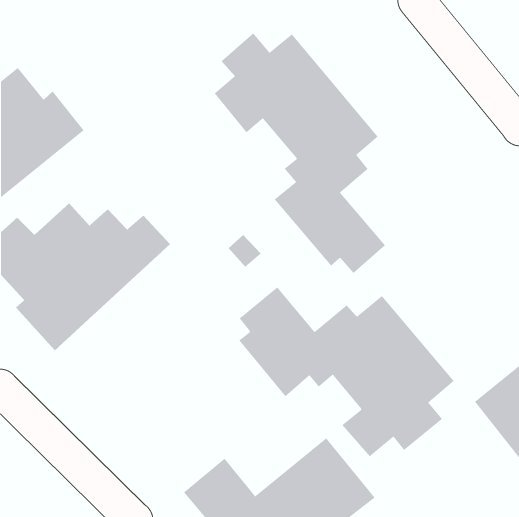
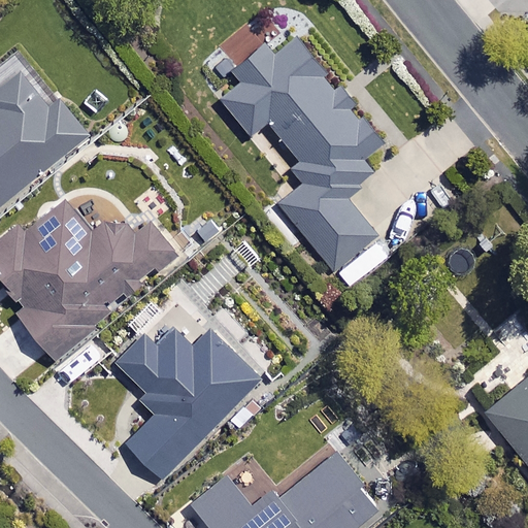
building: [238,287,454,457] -> none
building: none -> [114,331,260,481]

